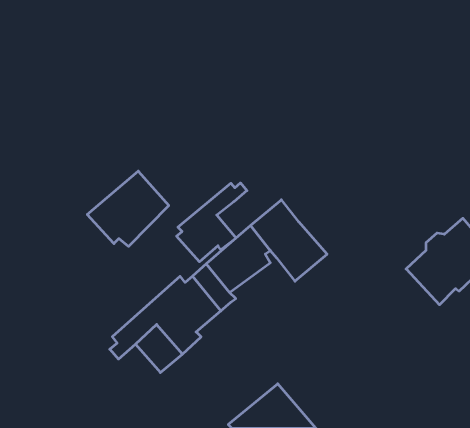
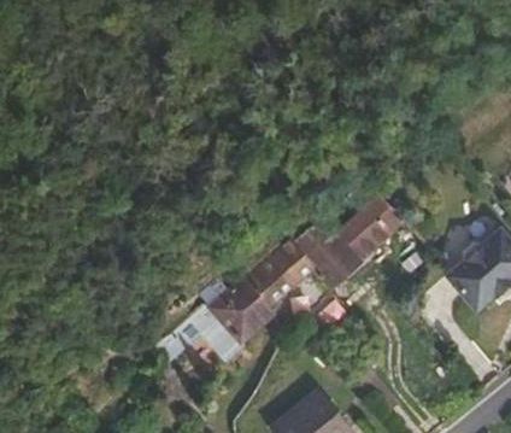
building: [87,171,169,246] -> none
building: [177,183,247,262] -> none
building: none -> [340,195,409,262]

